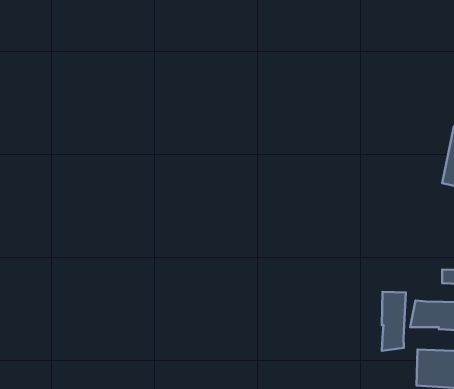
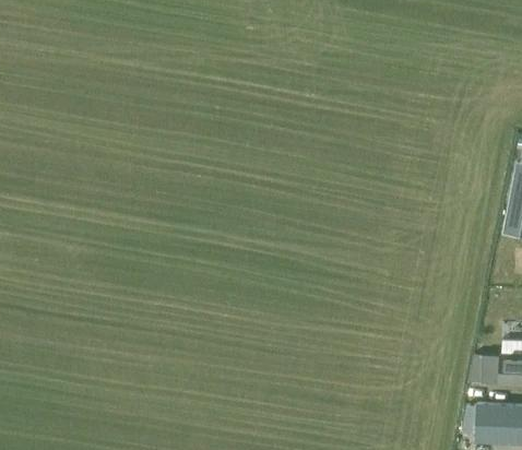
building: [382,292,406,351] -> none

